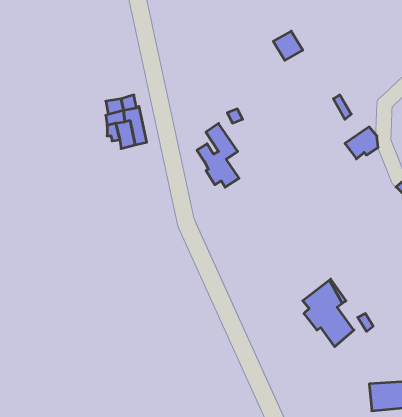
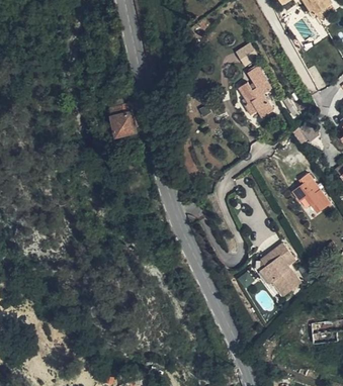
building: [197,123,239,187] -> [238,67,271,117]
building: none -> [292,173,330,212]

